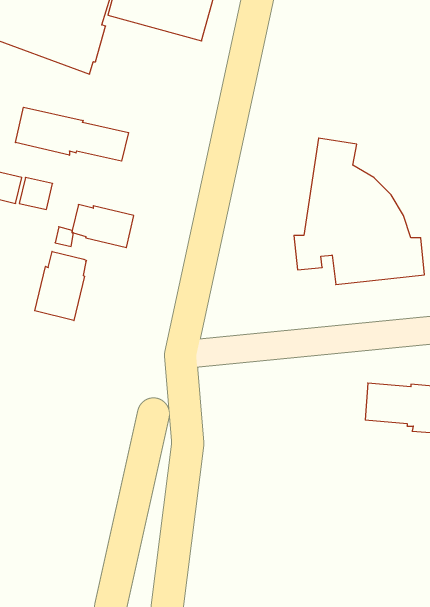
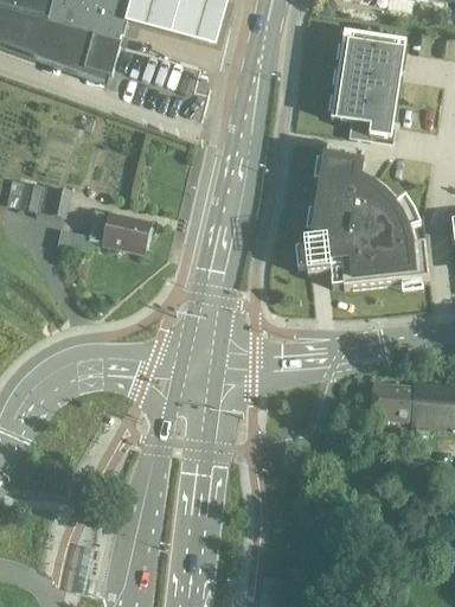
building: none -> [340,31,406,139]
building: [15,107,129,161] -> none
building: [35,251,86,321] -> none

